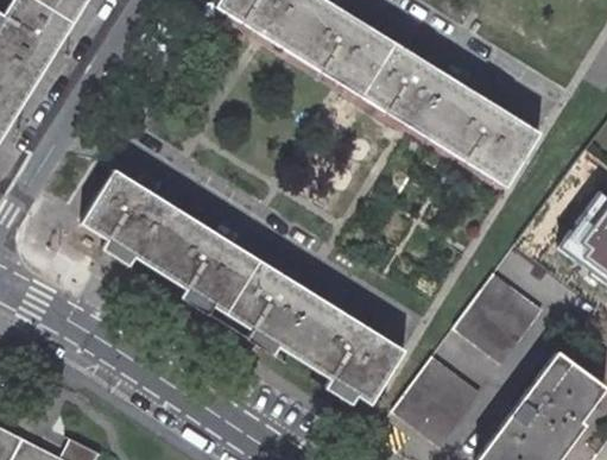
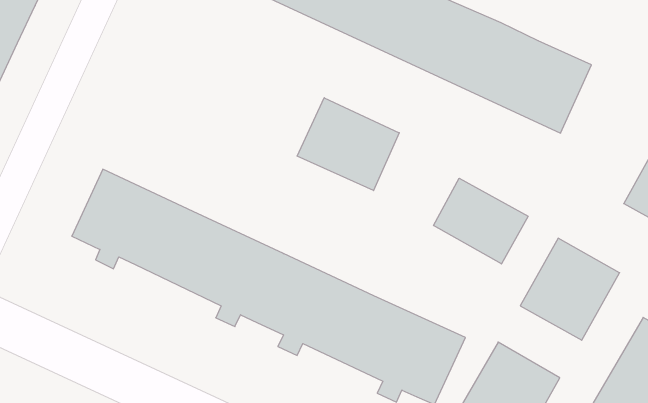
building: none -> [297,98,399,191]
building: none -> [434,178,528,264]

